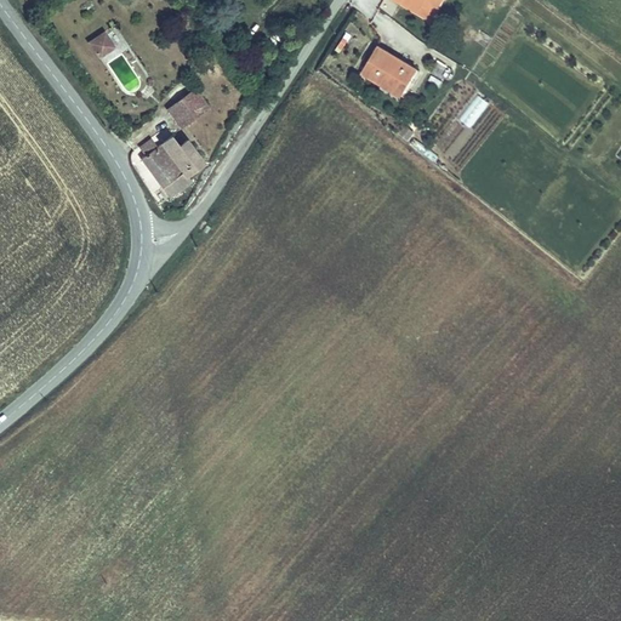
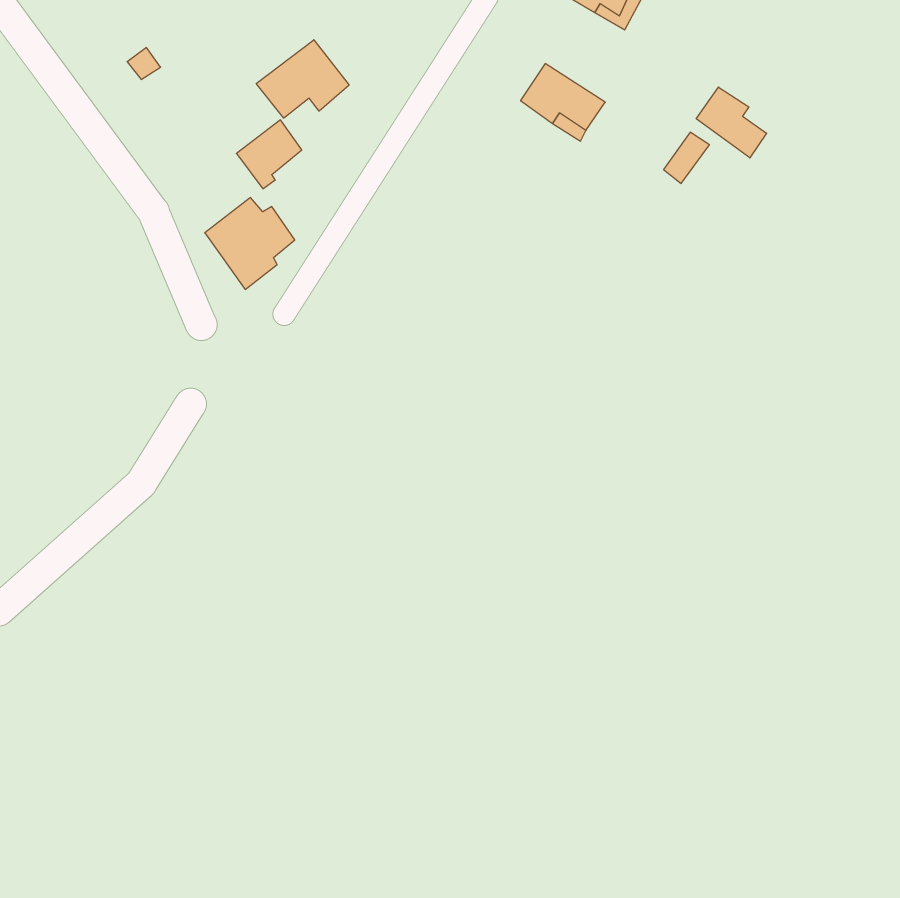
building: none -> [256,40,349,118]
building: none -> [696,87,767,158]

